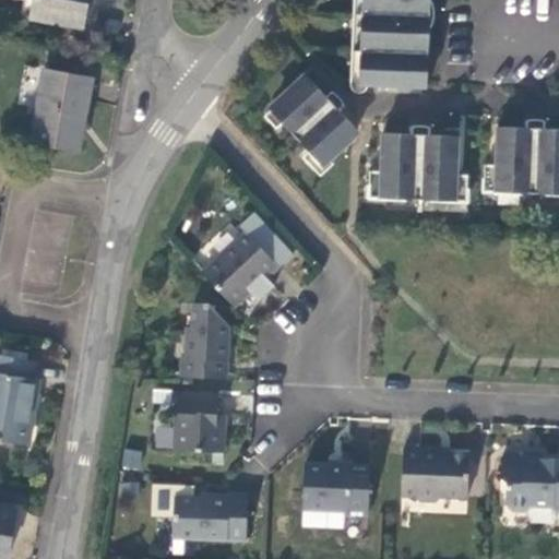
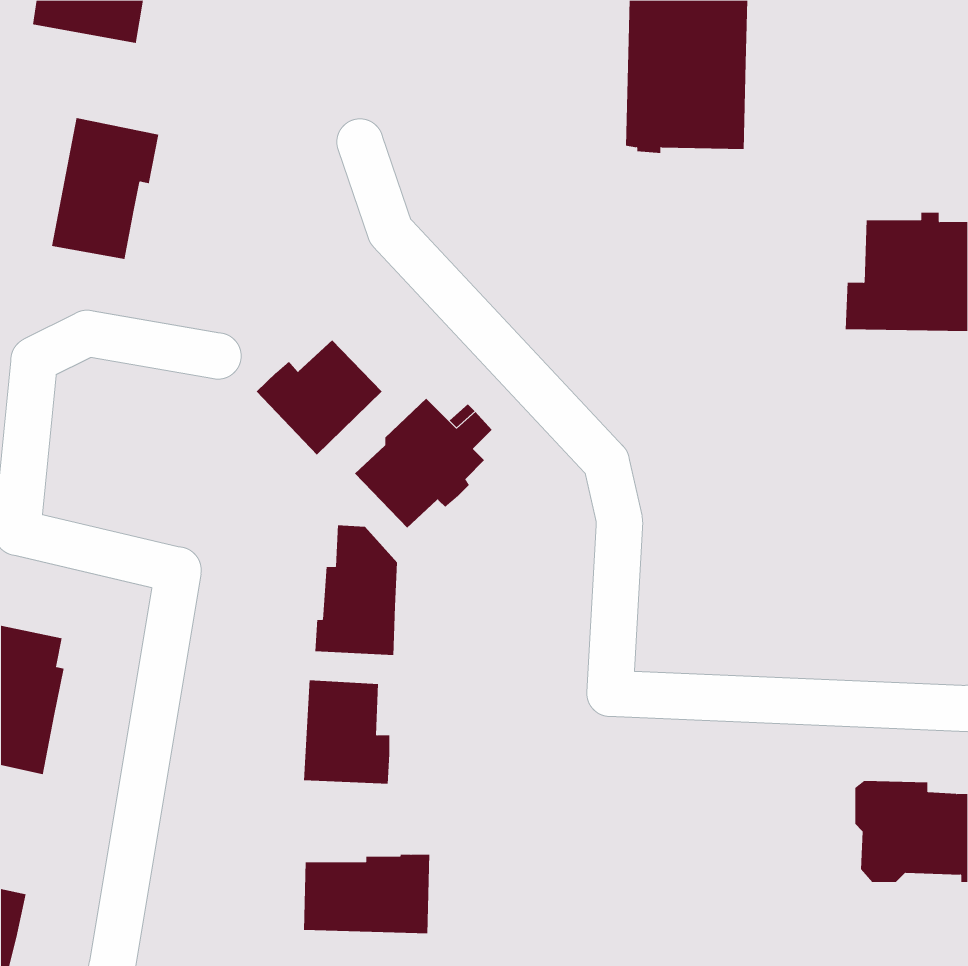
building: [272,79,358,165] -> none
building: [372,130,469,201] -> none
building: none -> [256,339,383,456]
building: [404,447,471,500] -> none
building: [305,465,370,516] -> none

